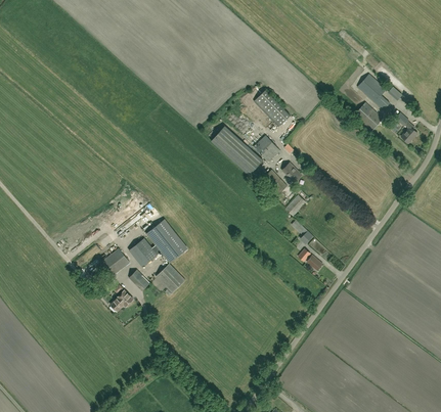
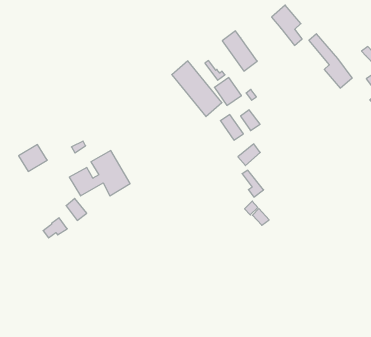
building: [357,74,389,110] -> [272,5,302,45]
building: [101,248,129,275] -> [19,145,47,171]
building: [156,264,184,292] -> none

